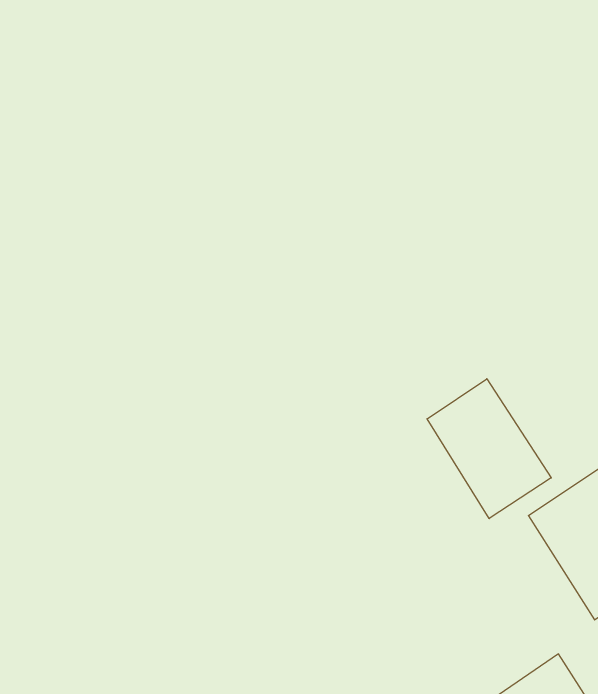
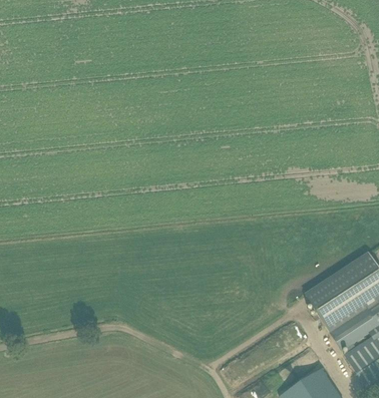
building: [427,379,551,519] -> none

